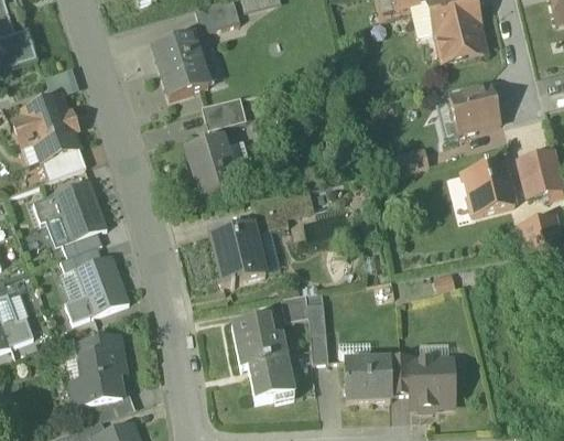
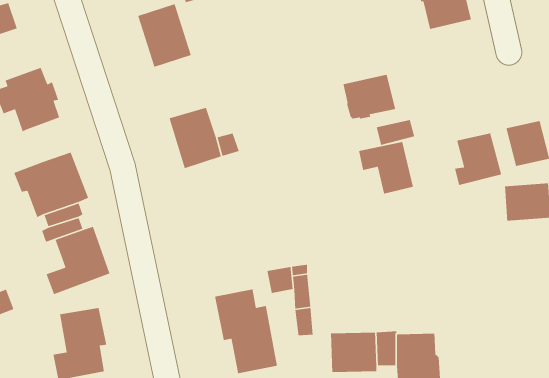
building: [448,86,501,131] -> [342,74,396,119]
building: [202,96,247,129] -> none
building: [45,147,86,180] -> none
building: none -> [358,141,414,194]
building: [210,194,288,283] -> none

